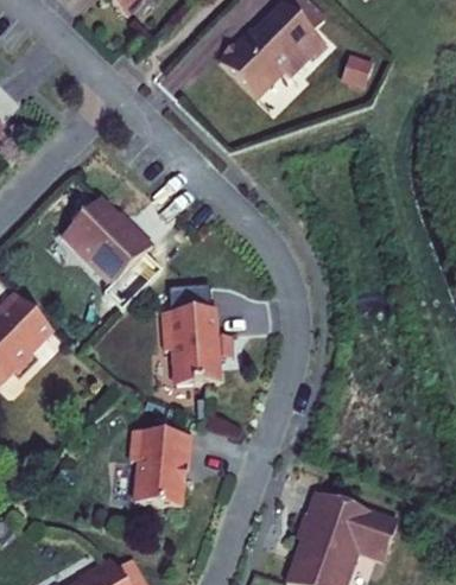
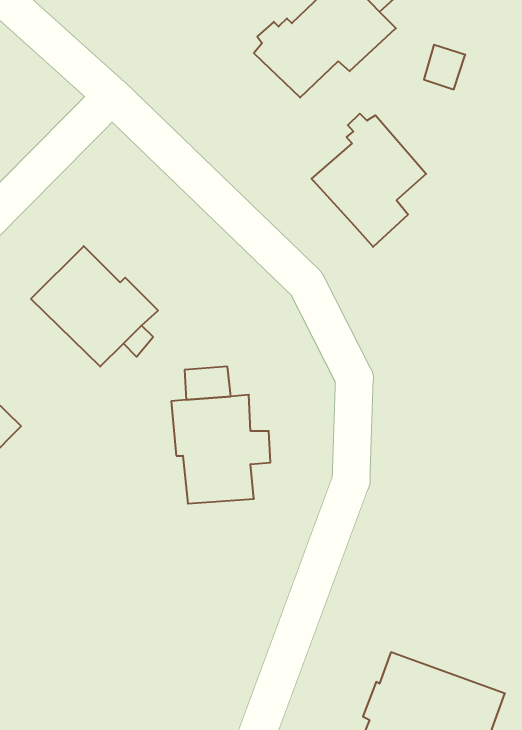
building: none -> [312,114,426,247]
building: [128,427,190,504] -> none

